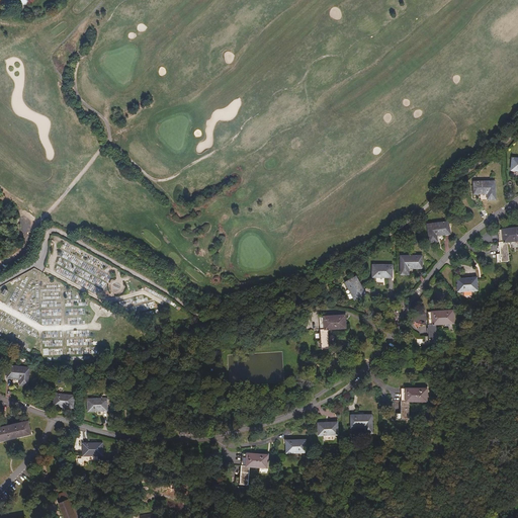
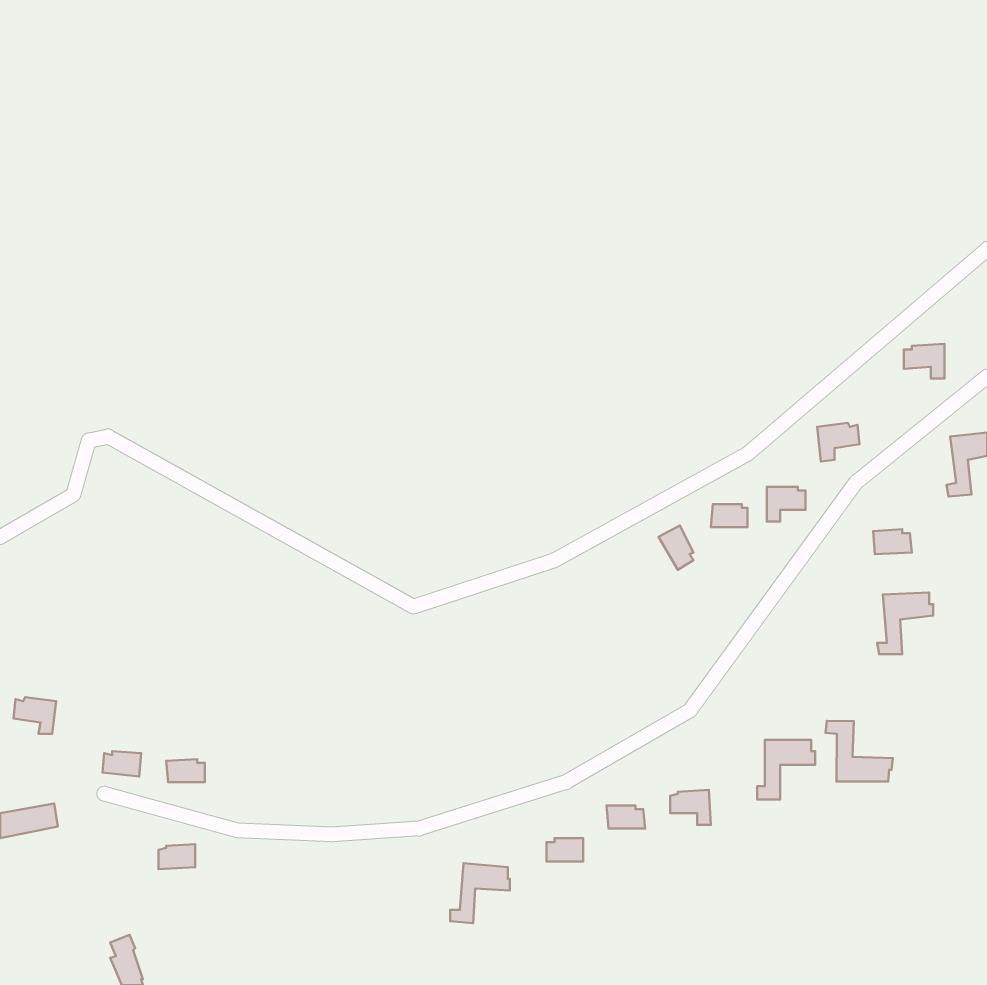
building: [424,310,453,342] -> [877,592,933,654]
building: [316,315,346,347] -> none
building: none -> [826,721,893,782]

